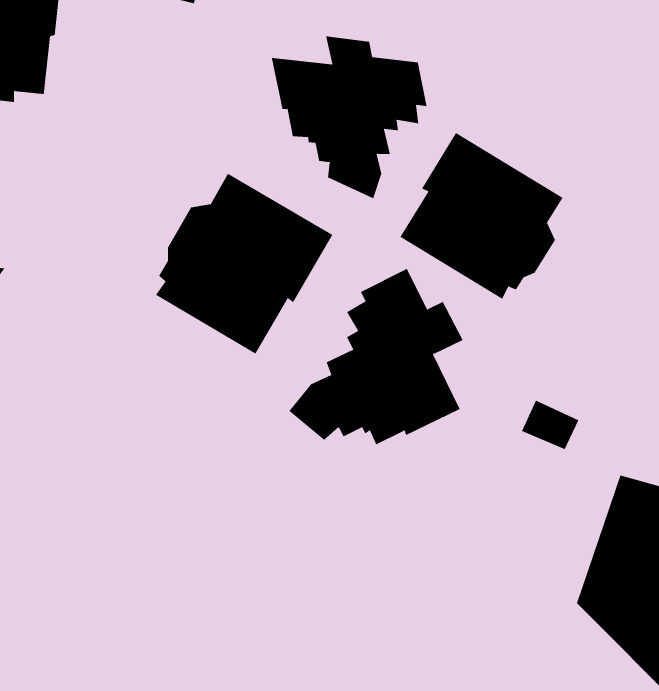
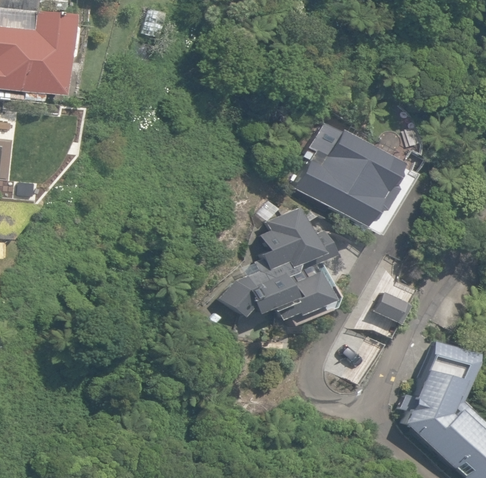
building: [271,35,427,199] -> none
building: [155,173,333,355] -> none

